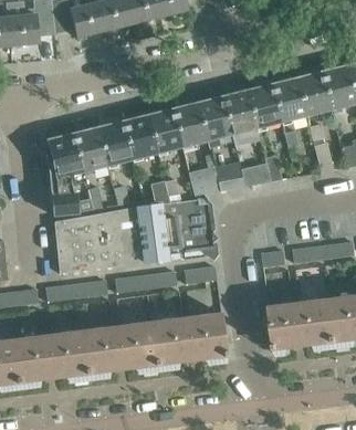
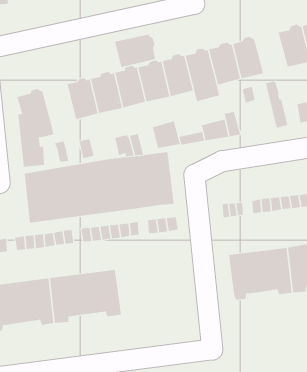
building: [296,71,331,116] -> none
building: none -> [115,33,155,68]
building: [74,126,108,170] -> none
building: [150,313,226,369] -> none

